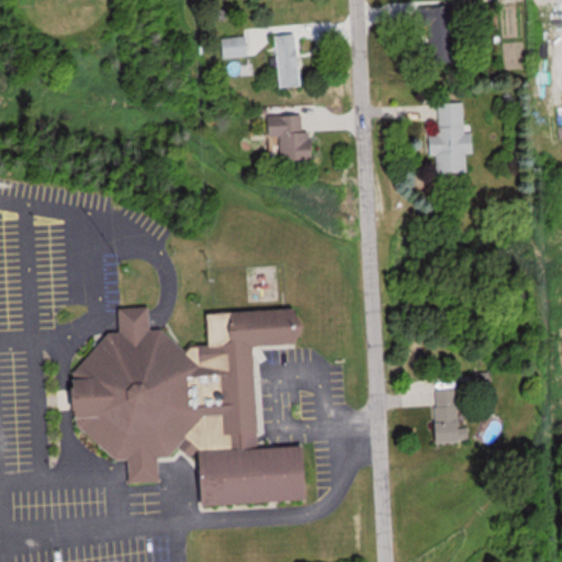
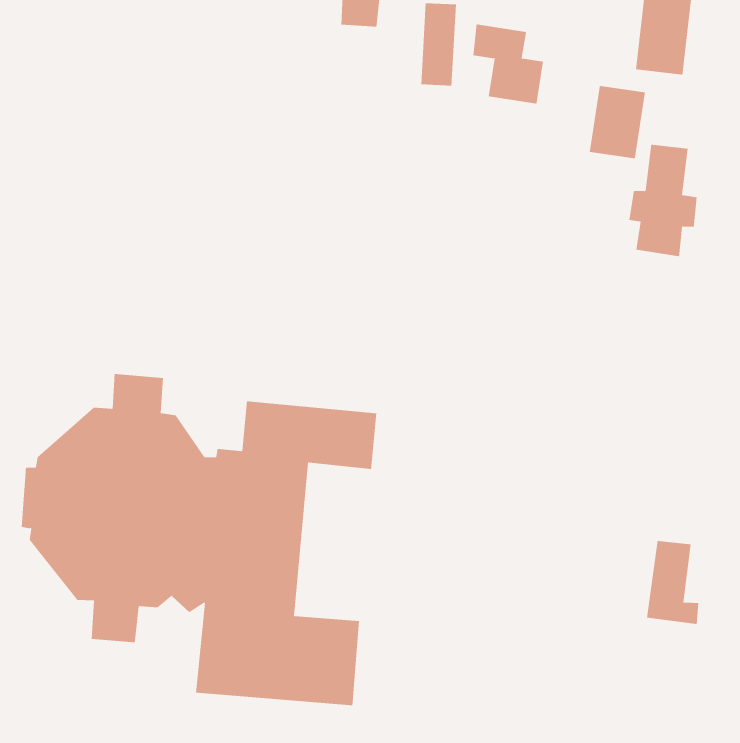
building: none -> [589,85,646,159]
building: [271,116,319,162] -> [473,24,544,104]
building: [439,389,474,441] -> [646,540,699,624]

